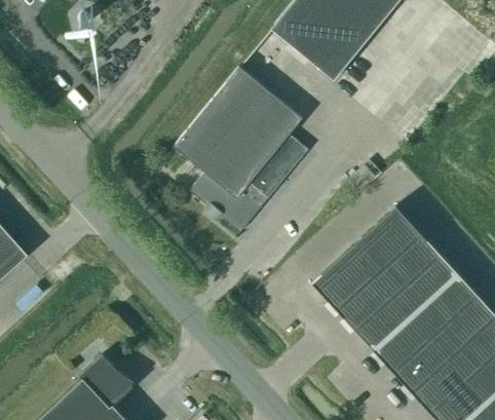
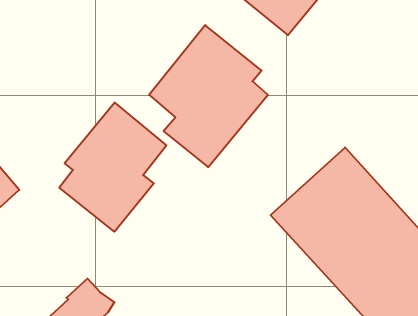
building: none -> [59,103,166,232]

